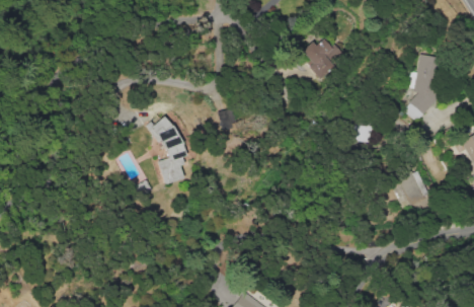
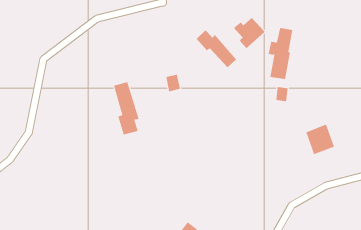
building: none -> [196,29,237,68]
building: [407,55,439,120] -> [268,27,293,80]

